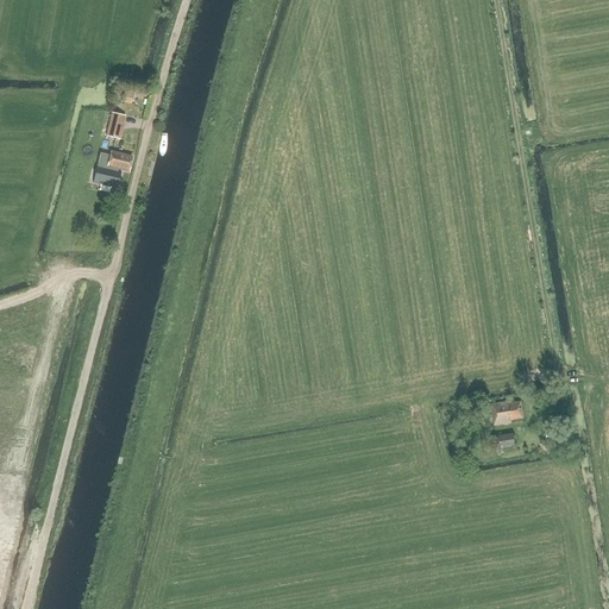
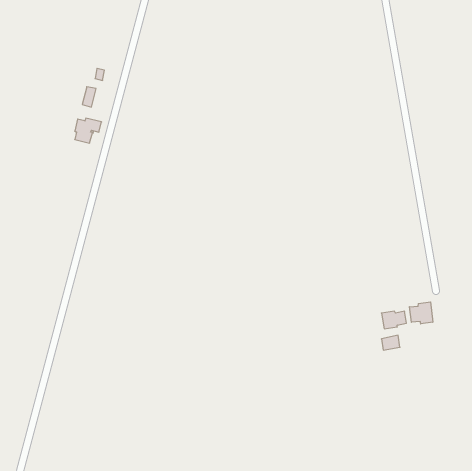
building: none -> [409,302,433,324]

